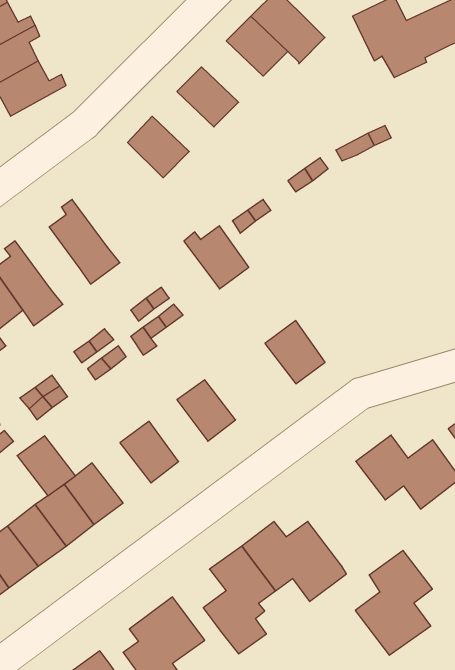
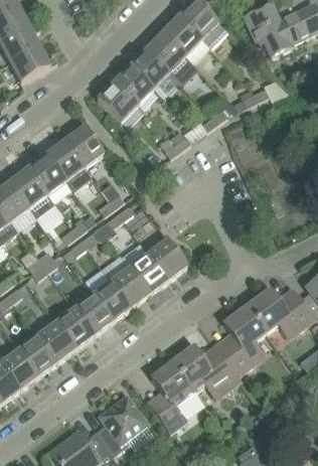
building: none -> [145,32,195,83]
building: none -> [113,65,153,105]
building: [184,226,249,289] -> [60,126,103,167]
building: none -> [23,154,65,194]
building: [265,321,325,384] -> [147,239,186,280]
building: none -> [111,267,149,307]
building: [17,436,76,496] -> [73,295,112,334]
building: [355,550,432,655] -> [214,307,265,375]

